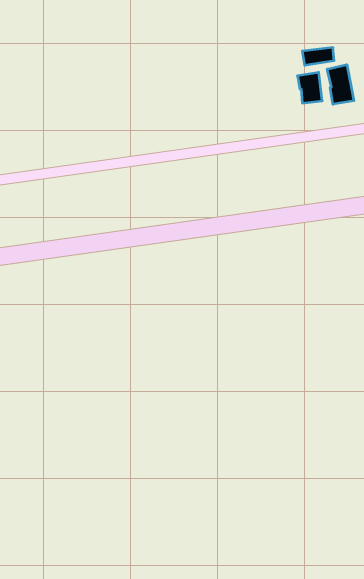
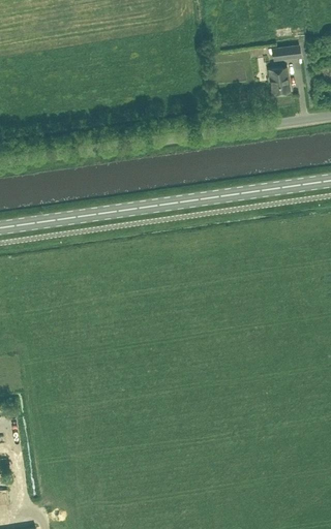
building: [327,65,354,104] -> none

